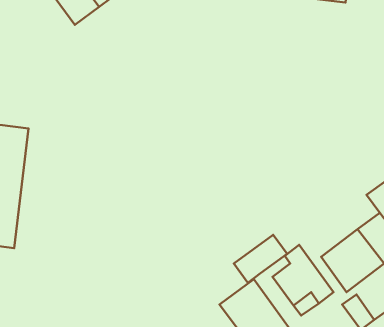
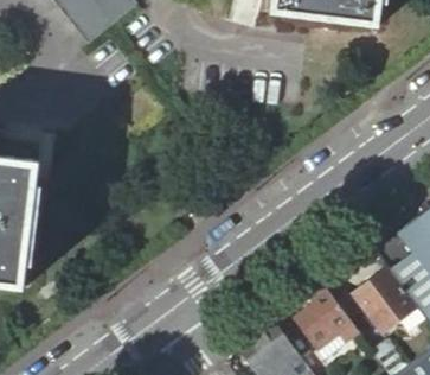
building: [234,235,287,283] -> none

